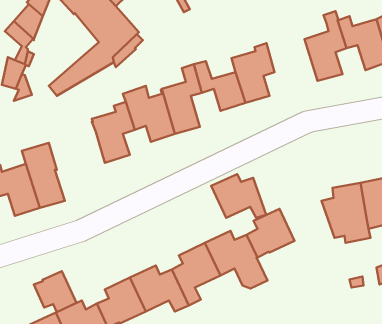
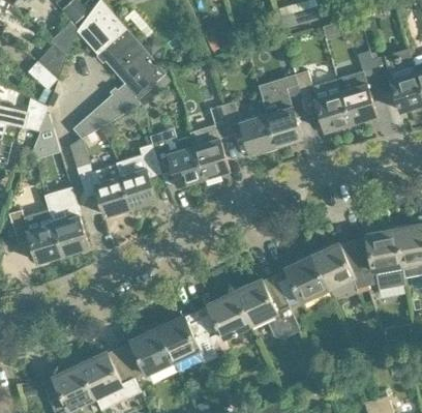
building: none -> [295,71,351,131]
building: none -> [77,165,130,216]
building: [211,174,266,218] -> [311,243,368,289]
building: [34,271,76,312] -> none

